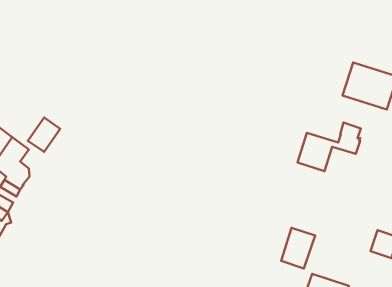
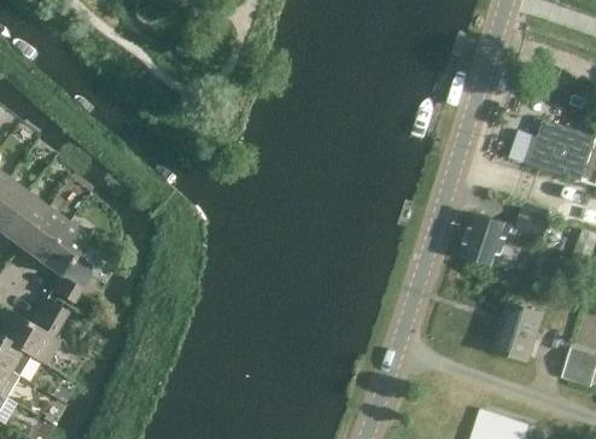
building: [28,118,60,152] -> none
building: [281,228,315,269] -> [496,305,543,362]

